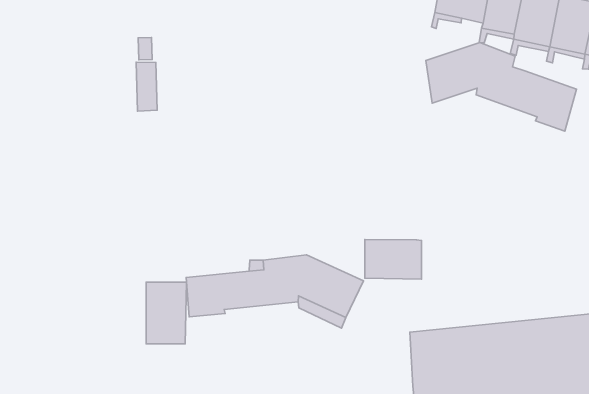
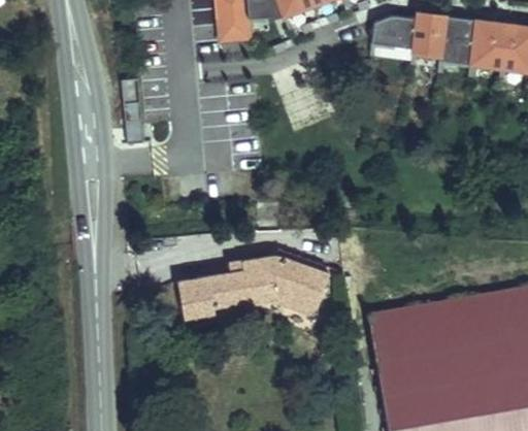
building: [426,43,577,131] -> none
building: [365,240,422,279] -> none
building: [146,282,186,344] -> none

